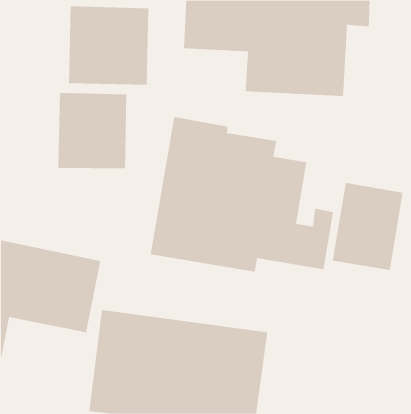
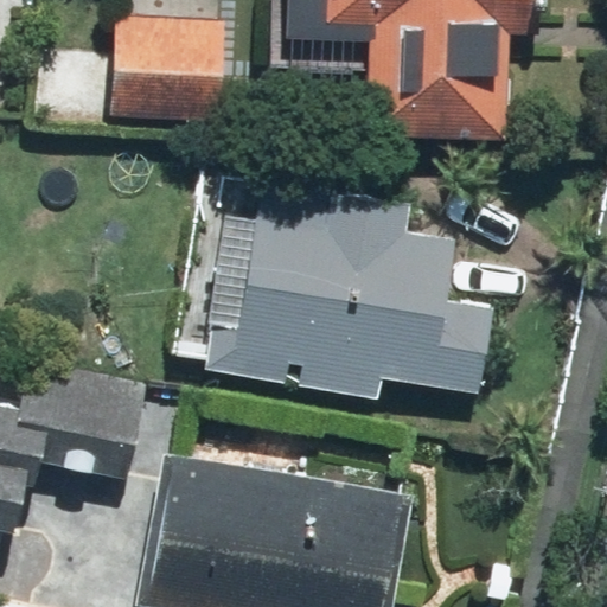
building: [58,92,127,169] -> none
building: [332,182,403,271] -> none

